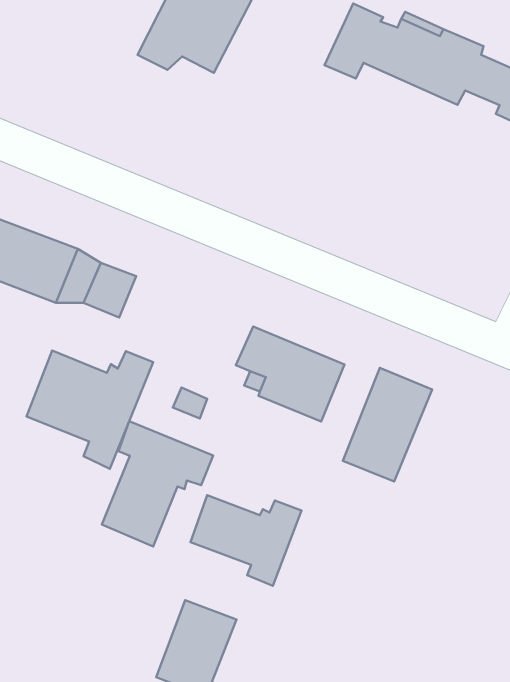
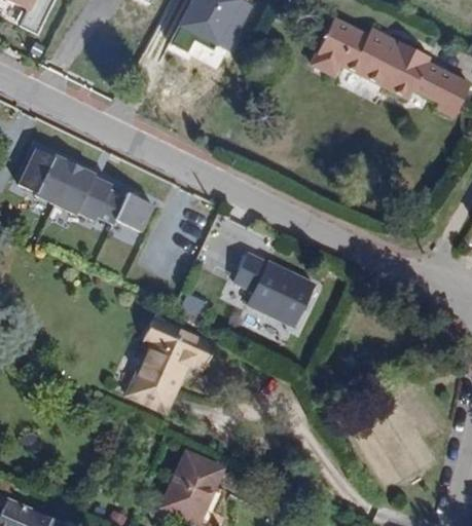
building: [26,351,153,469] -> none
building: [343,368,432,481] -> none
building: [190,495,301,586] -> none

